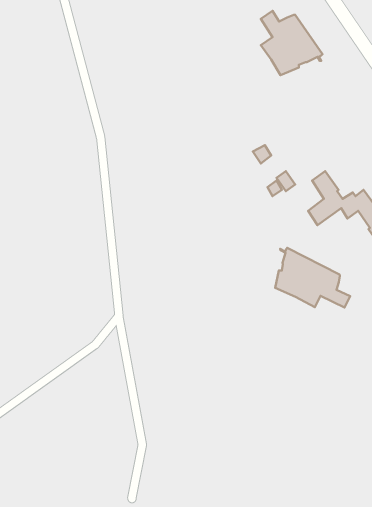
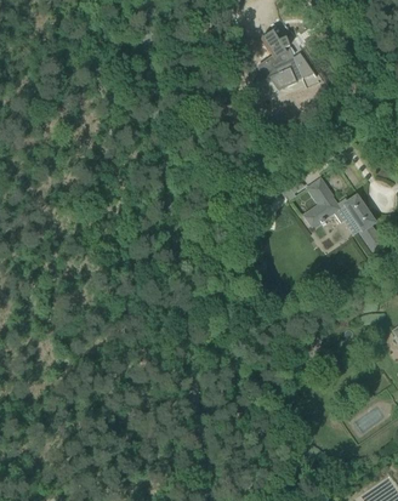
building: [275,248,350,307] -> none

